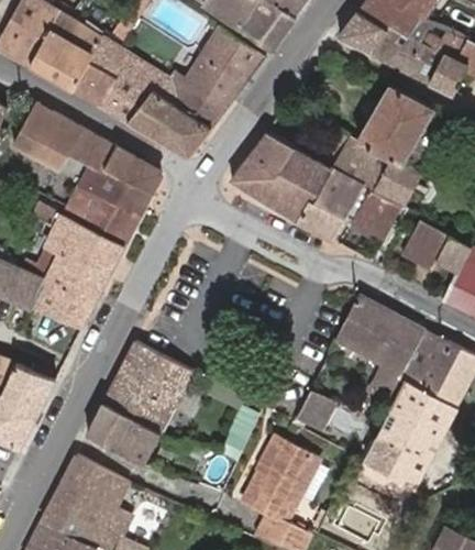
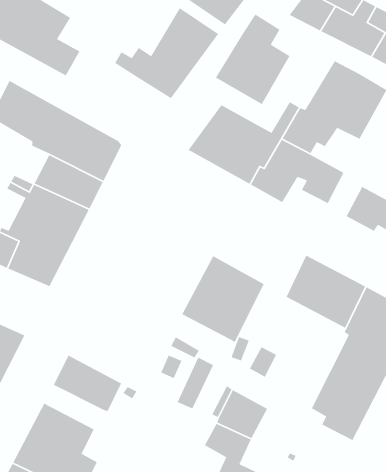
building: none -> [215,14,291,105]
building: [91,38,213,156] -> none
building: [364,158,419,206] -> none
building: [102,338,192,432] -> [181,255,265,343]

